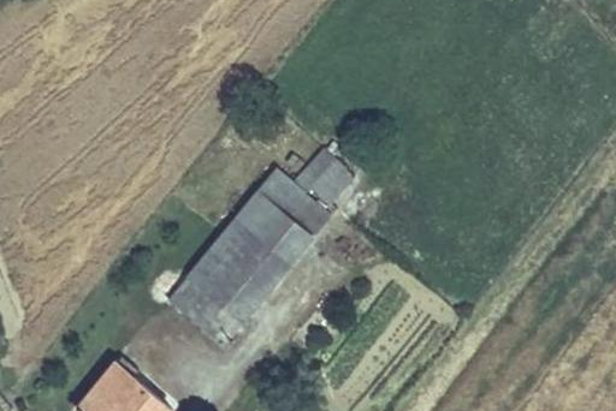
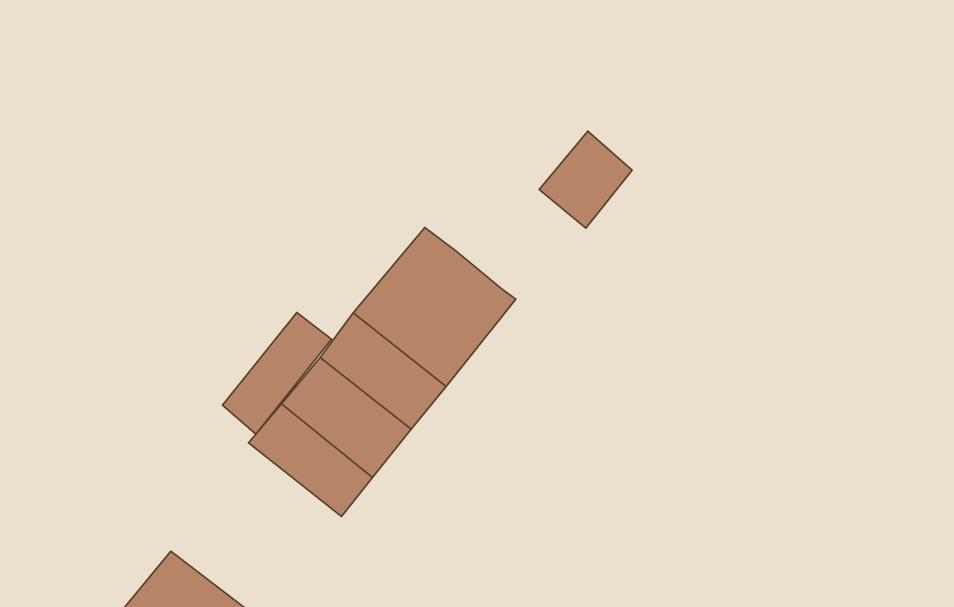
building: [296,144,354,204] -> [539,131,632,228]
building: none -> [223,313,332,434]

